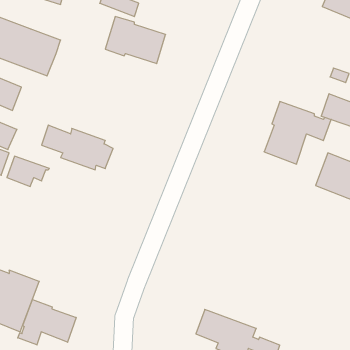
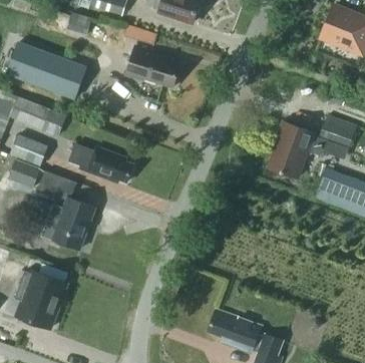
building: none -> [42,198,94,249]
building: [18,299,76,345] -> none

